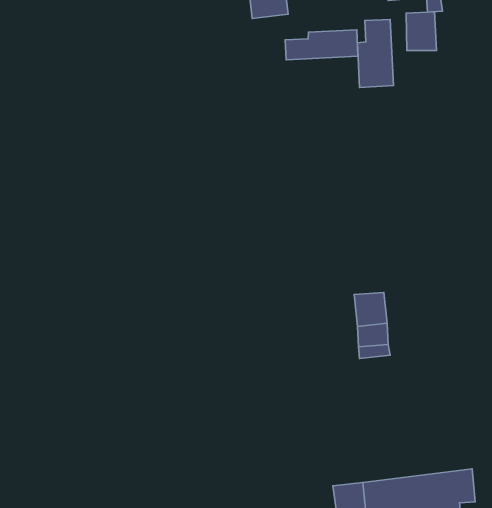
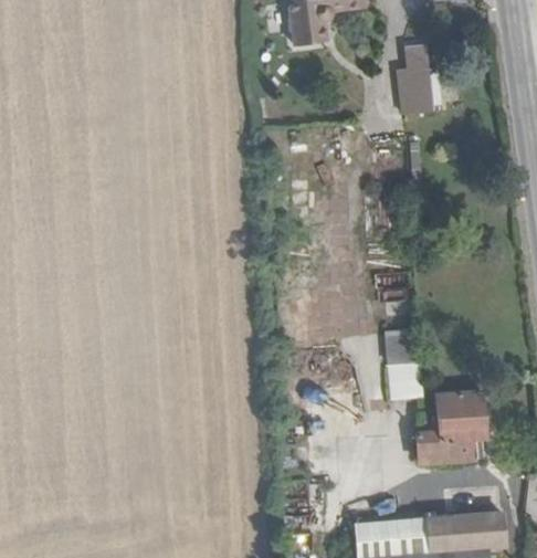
building: [406,12,436,51] -> none
building: [285,30,358,60] -> none
building: none -> [424,388,491,457]

